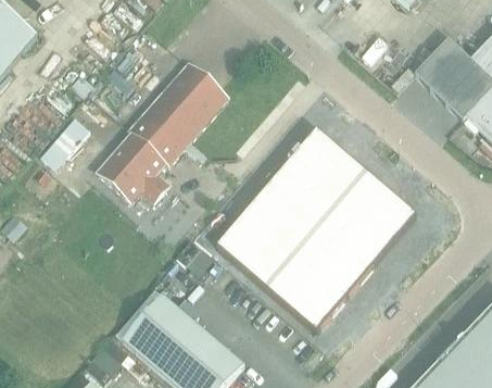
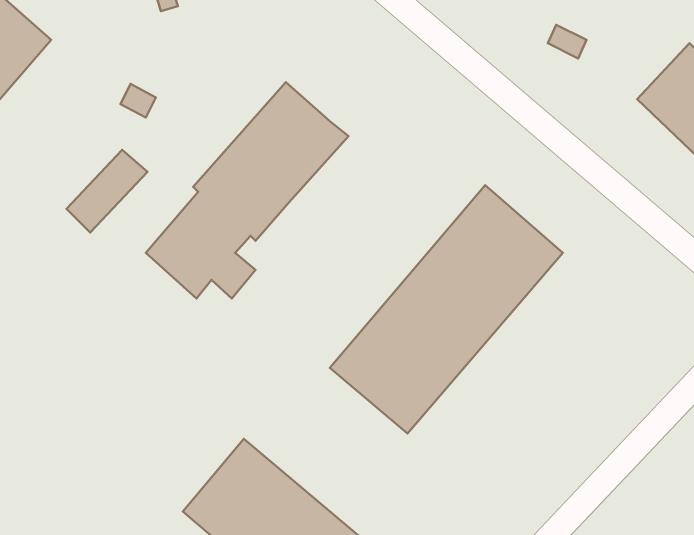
building: [266,171,416,330] -> none

